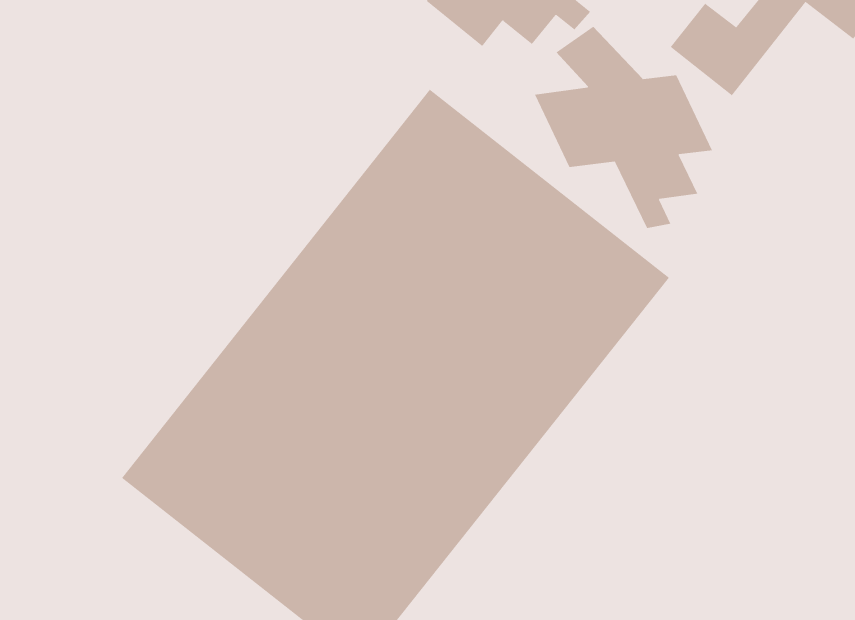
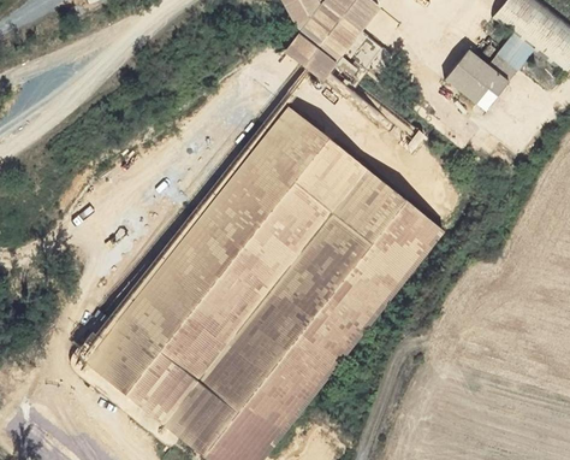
building: [534,26,713,229] -> none

